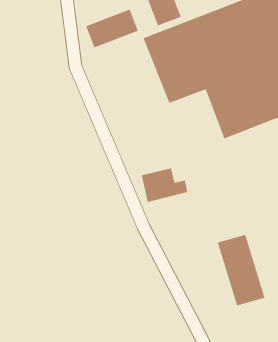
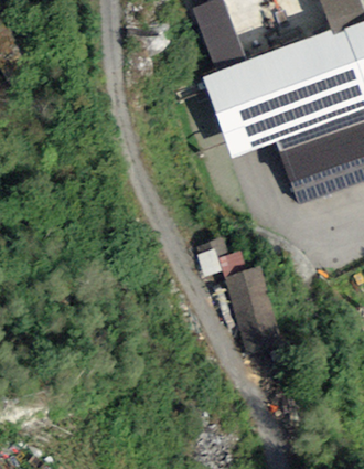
building: [85,9,139,48] -> none
building: [217,234,265,307] -> [224,267,281,353]

